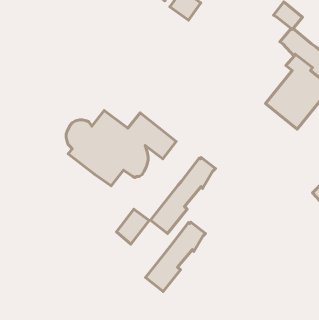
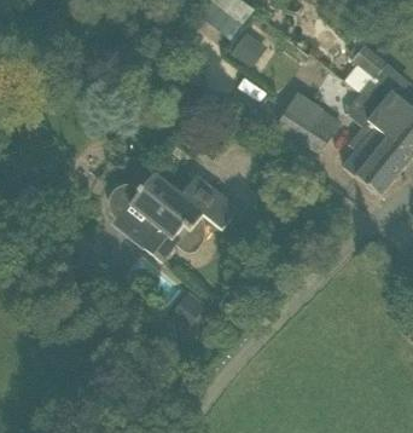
building: none -> [275,93,339,156]
building: [151,158,216,234] -> none
building: [146,222,205,291] -> none

